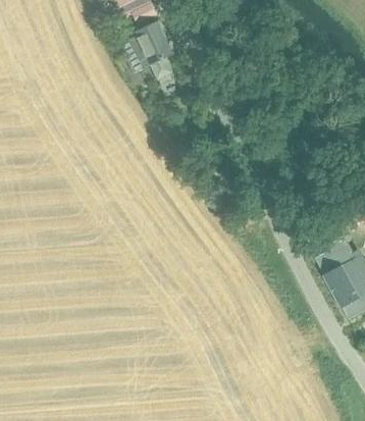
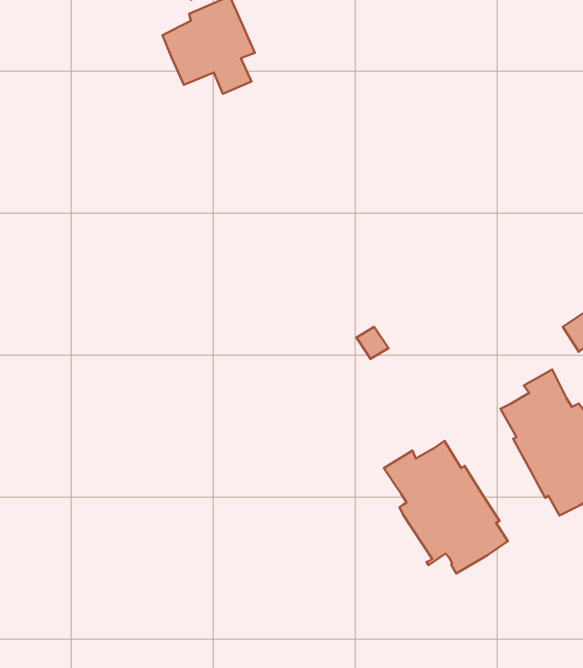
building: none -> [384,441,508,573]

